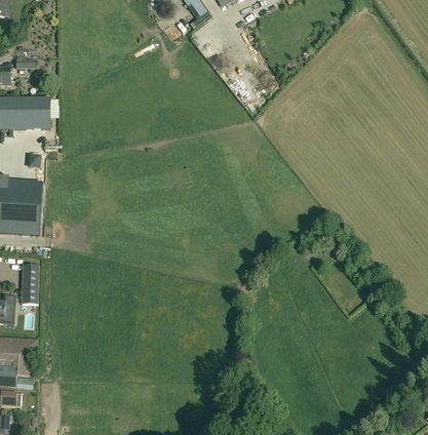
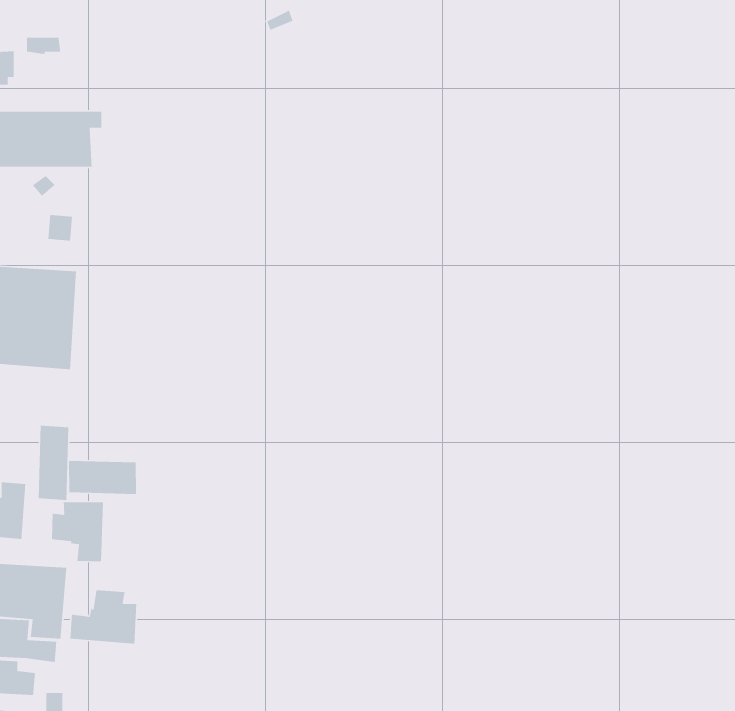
building: none -> [68,460,137,495]
building: none -> [51,501,104,562]
building: none -> [69,589,137,645]

